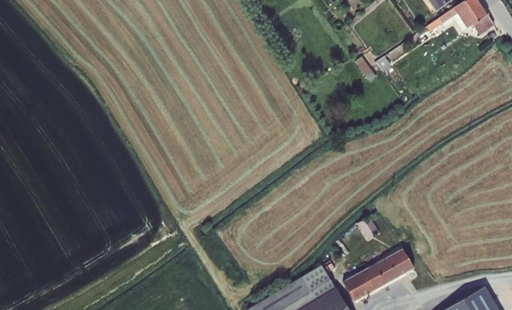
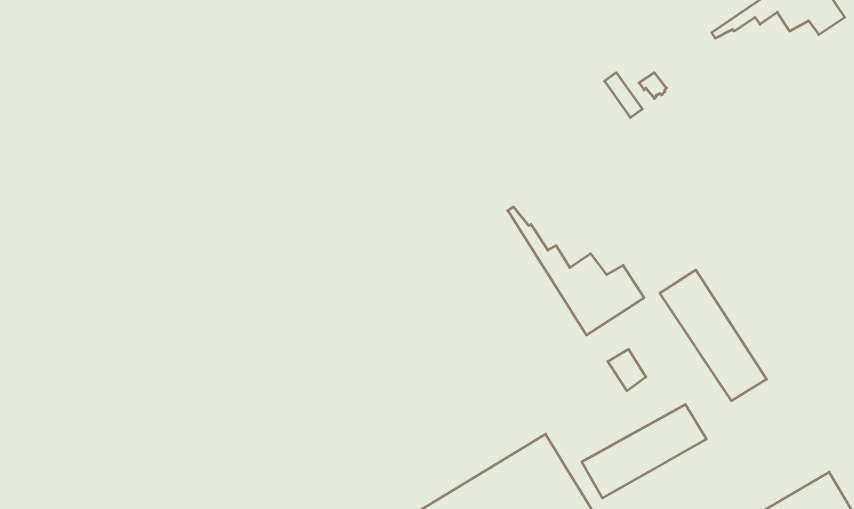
building: none -> [508,207,644,335]
building: none -> [660,270,767,401]

